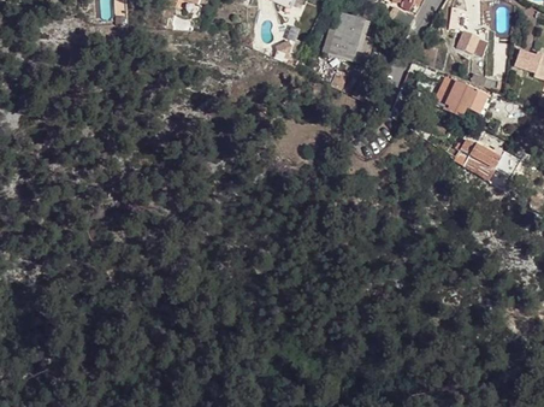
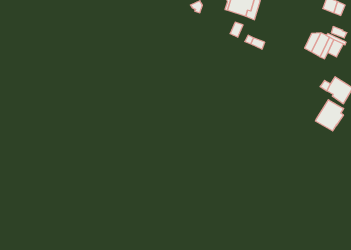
building: none -> [316,100,344,131]

